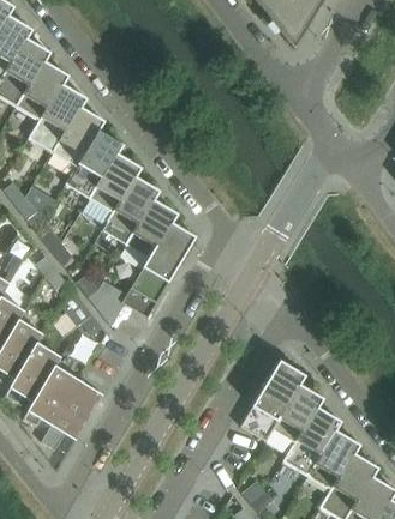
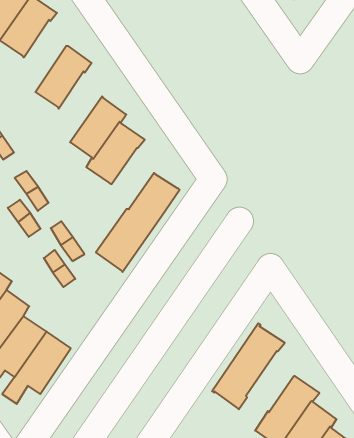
building: [29,83,88,152] -> none
building: [66,129,124,198] -> none
building: [125,199,179,258] -> none
building: [273,384,324,442] -> none

